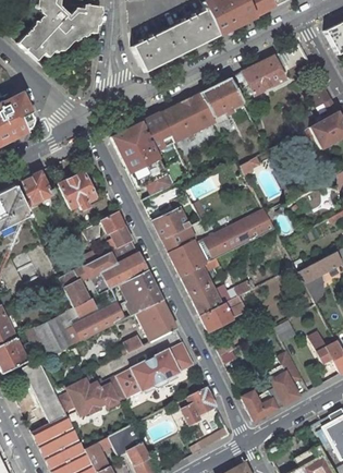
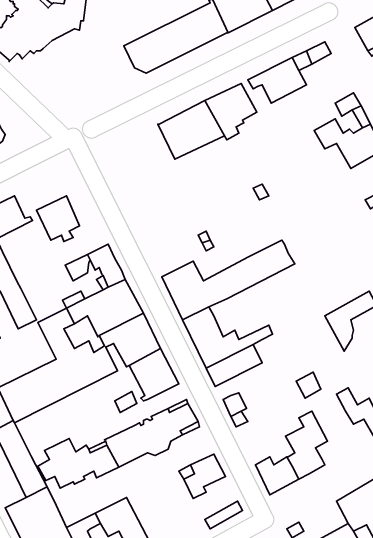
building: [113,112,174,195] -> none
building: [154,209,189,240] -> none

